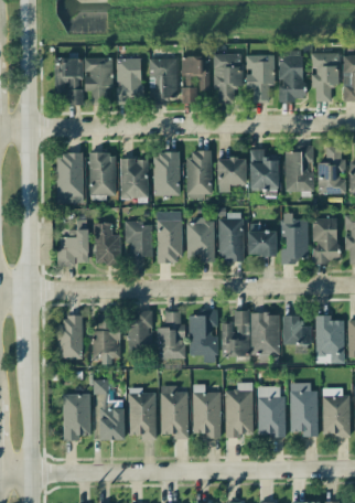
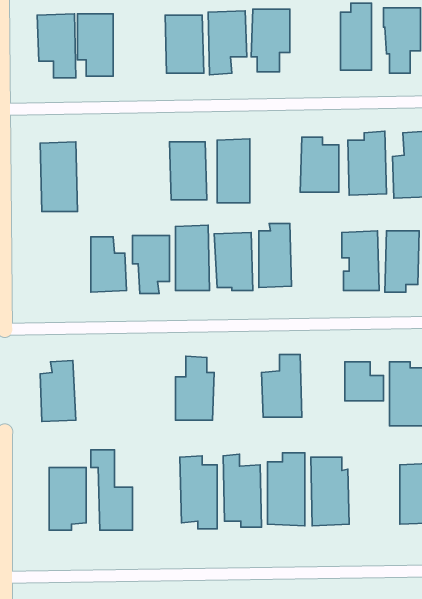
building: [245,54,275,101] -> none
building: [116,58,141,103] -> none
building: [89,153,116,195] -> none
building: [217,158,246,192] -> none
building: [120,159,149,199] -> none
building: [57,220,88,265] -> none
building: [247,231,277,256] -> none
building: [189,309,217,363] -> none
building: [127,311,152,357] -> none
building: [93,312,120,364] -> none
building: [250,313,279,354] -> none
building: [290,383,318,437] -> none
building: [128,390,155,440] -> none

